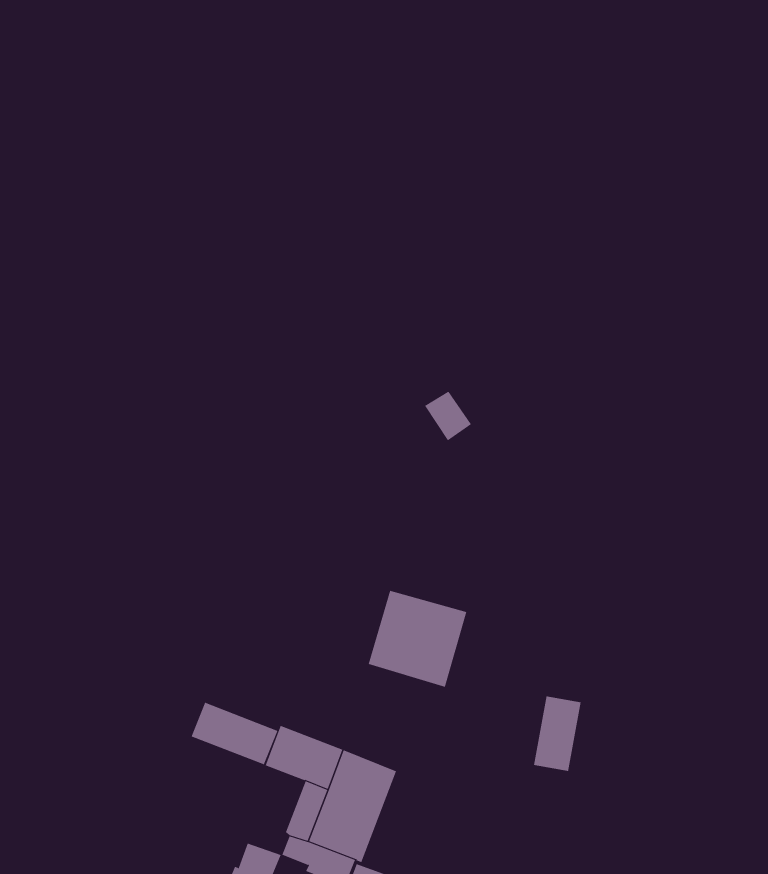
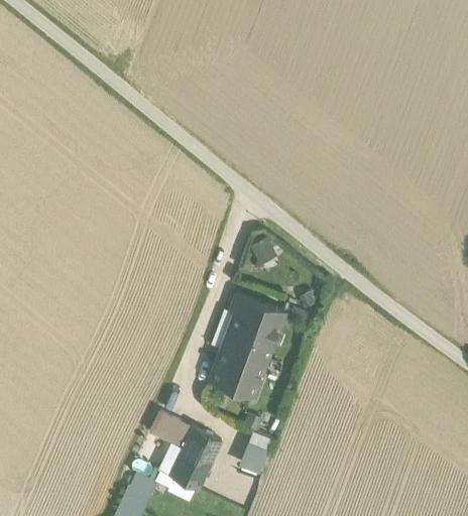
building: none -> [226,295,284,359]
building: [533,696,582,772] -> [239,432,268,475]
building: [191,702,278,765] -> none

